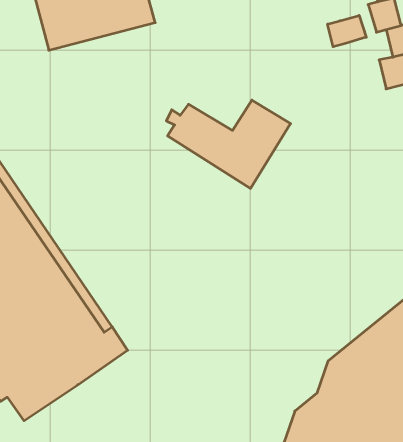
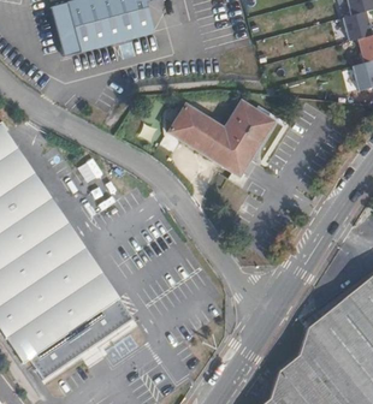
building: [328,15,366,47] -> none

